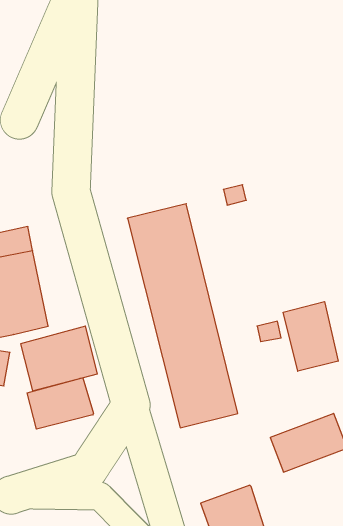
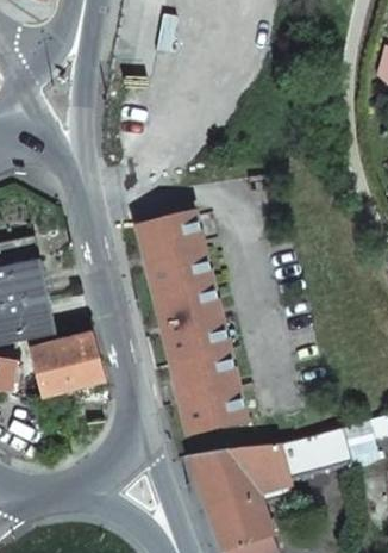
building: [283,302,338,371] -> none
building: [27,378,93,429] -> none
building: none -> [188,445,290,510]

